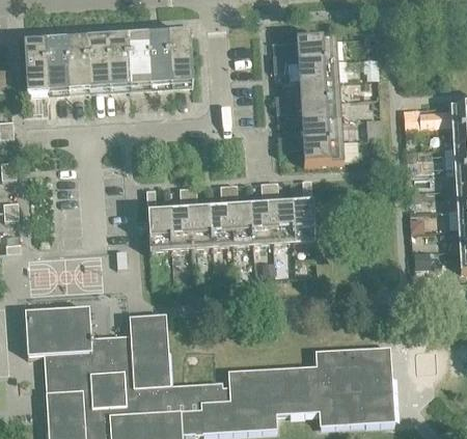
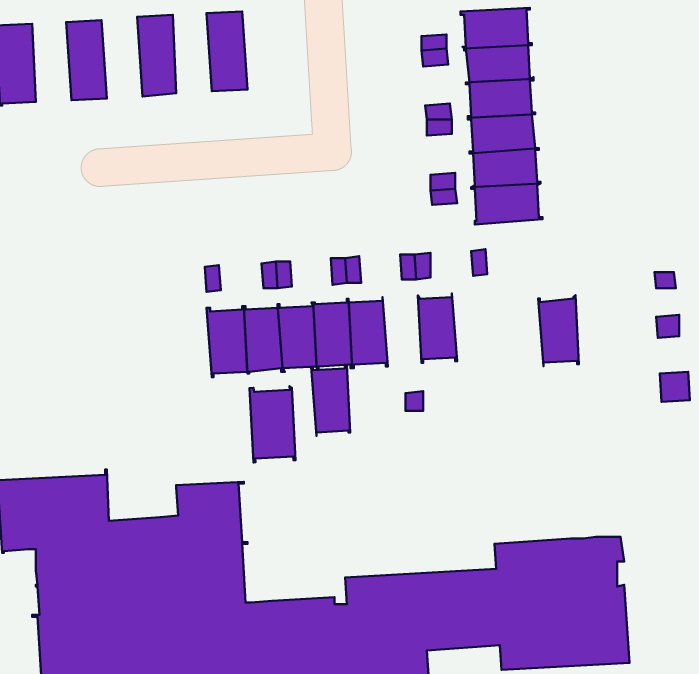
building: [168,36,193,84] -> none
building: [128,39,150,86] -> none
building: [86,42,110,89] -> none
building: [46,45,68,91] -> none
building: [291,201,314,243] -> [538,295,579,366]
building: [250,204,273,246] -> [311,365,350,436]
building: none -> [250,386,295,462]

